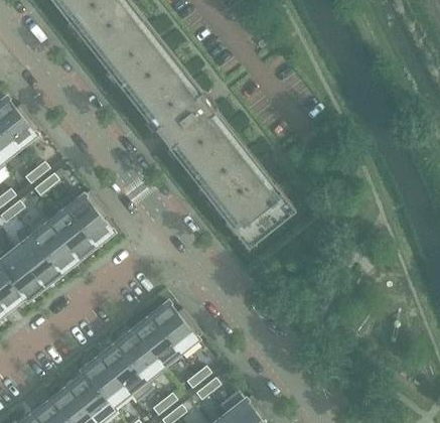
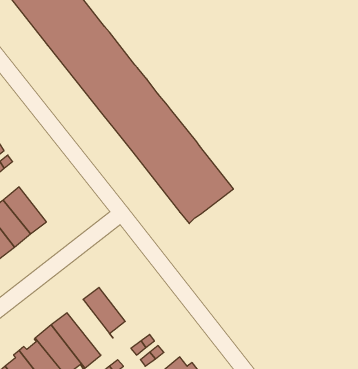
building: [64,189,111,245] -> none
building: [150,302,200,351] -> none
building: [116,328,165,383] -> none

